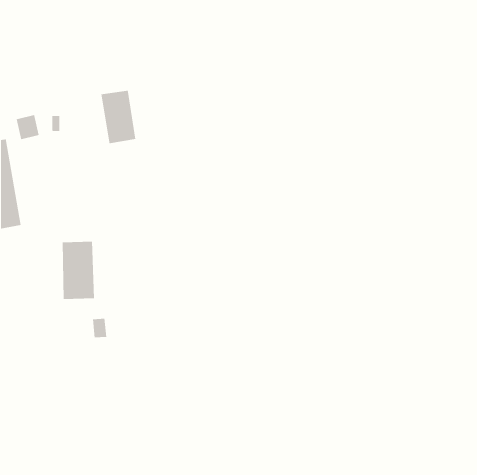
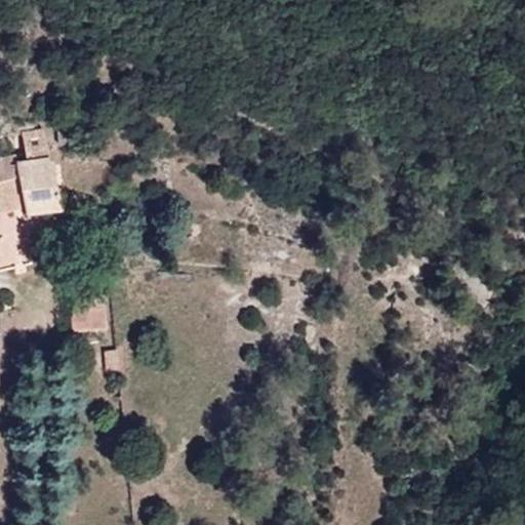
building: [100,90,136,144] -> [17,158,56,216]

